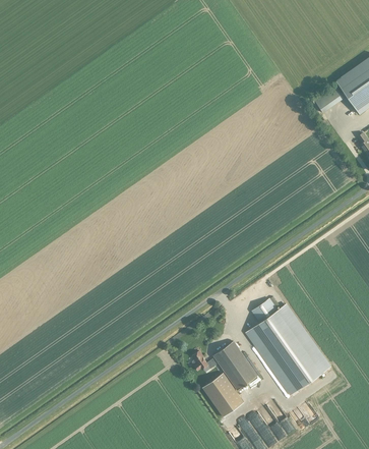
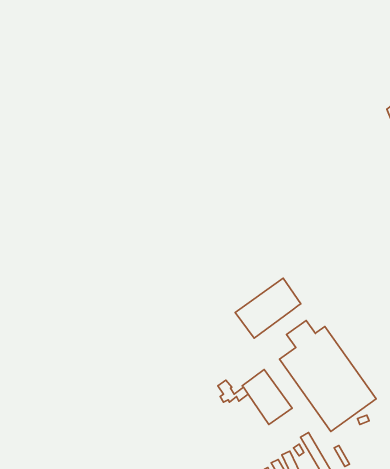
building: none -> [235,278,301,338]
building: [201,373,243,416] -> none

